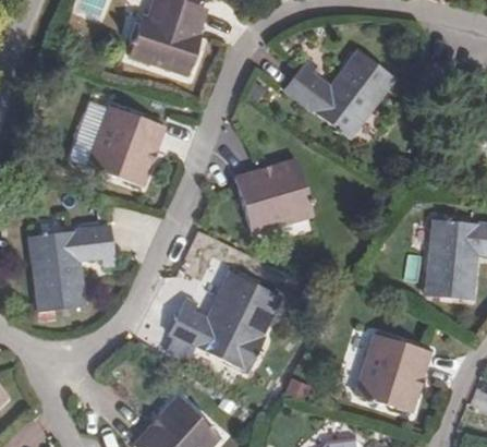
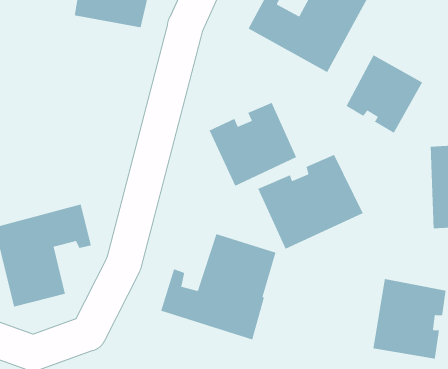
building: [88,107,163,186] -> none
building: none -> [346,54,423,134]
building: none -> [257,154,364,250]

